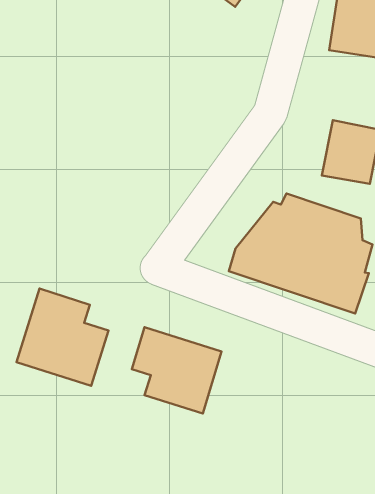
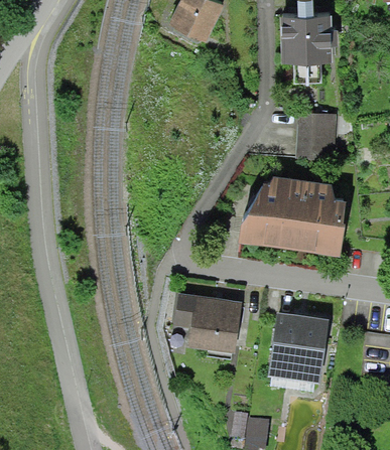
building: [17,289,109,386] -> none
building: none -> [268,312,334,384]

